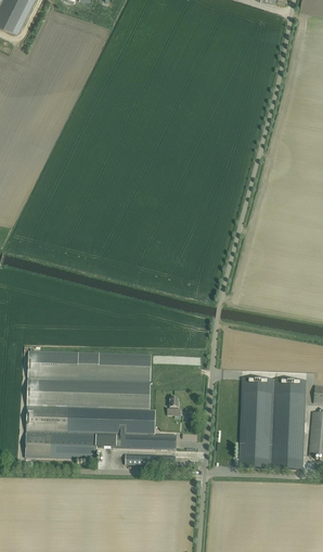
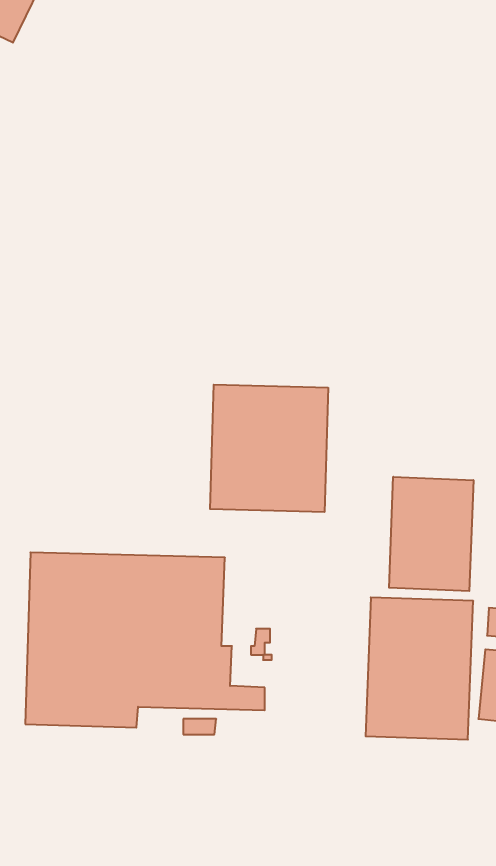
building: none -> [210,385,328,512]
building: none -> [389,477,473,591]

